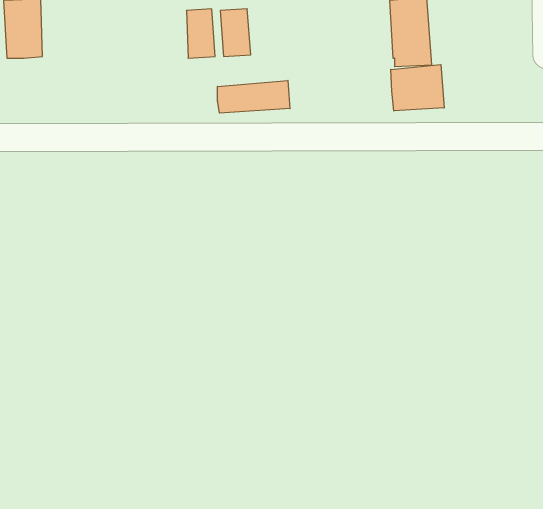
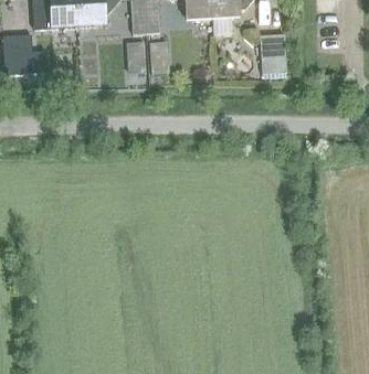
building: [391,65,444,111] -> none
building: [218,80,290,113] -> none

